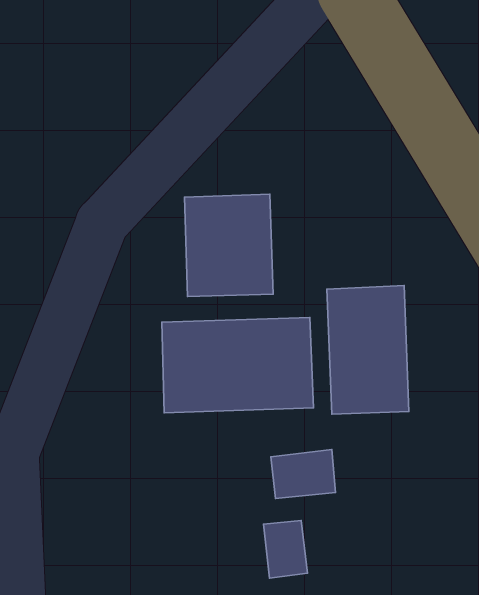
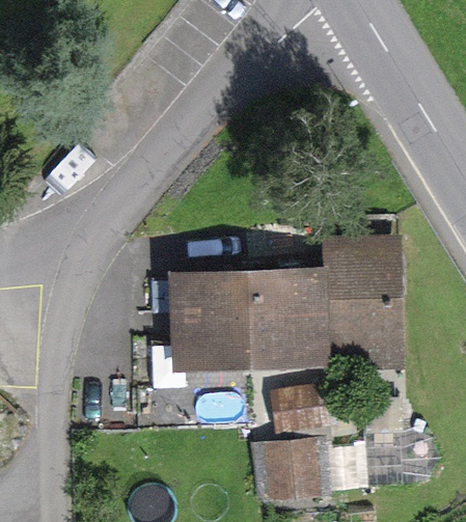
building: [184,194,273,297] -> none

